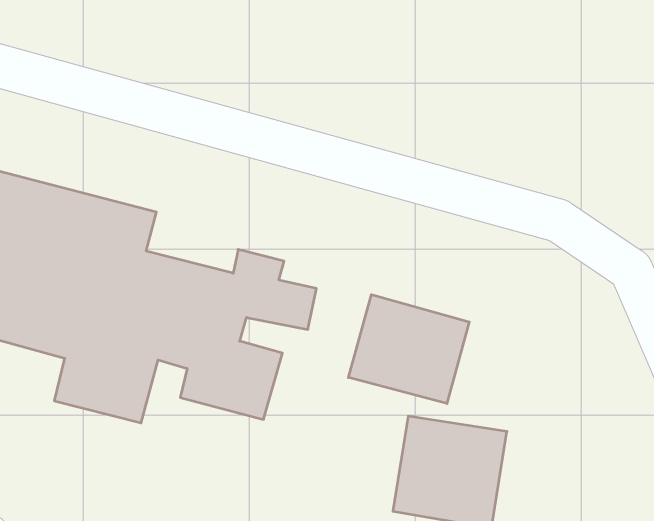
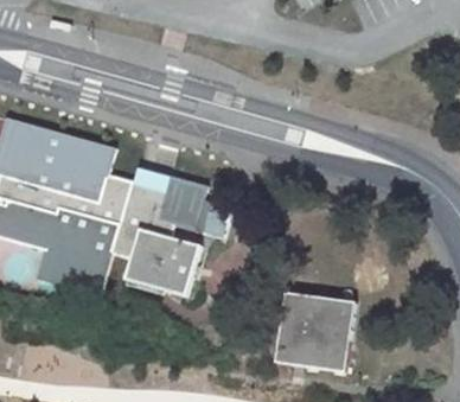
building: [348,295,469,404] -> none

